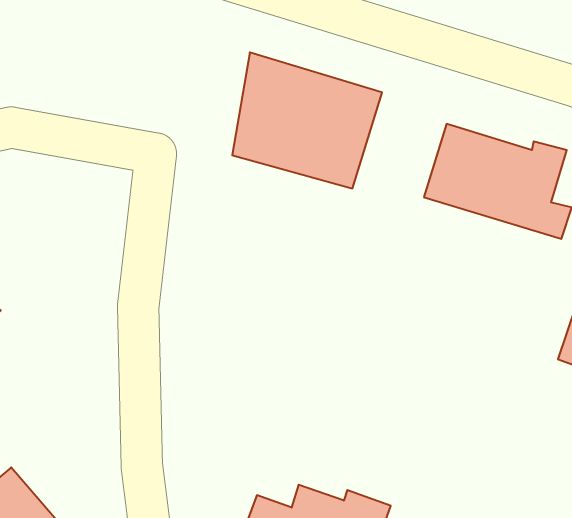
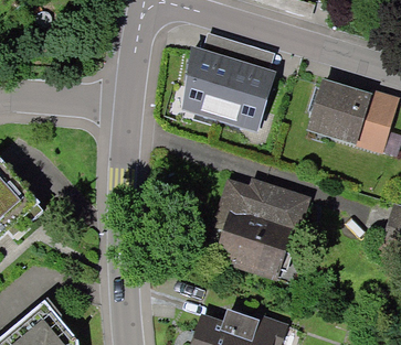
building: none -> [213,183,305,280]

